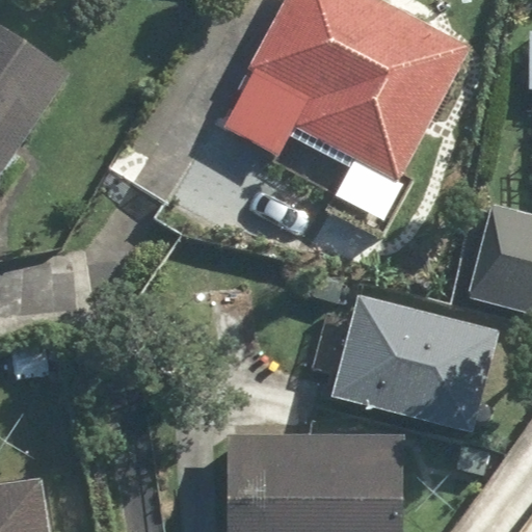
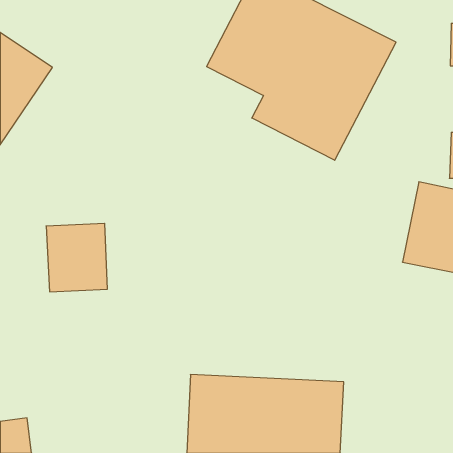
building: [329,295,487,428] -> none

